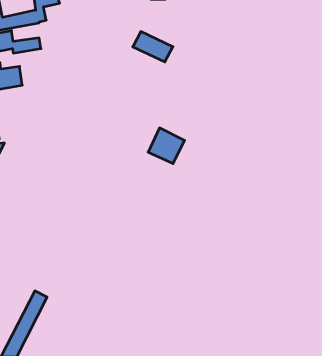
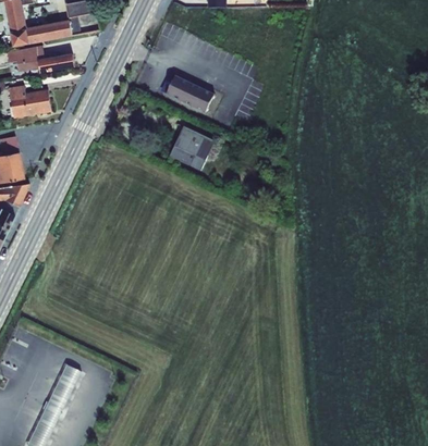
building: [133,32,173,62] -> [166,75,215,112]
building: [148,128,185,164] -> [170,126,215,170]

